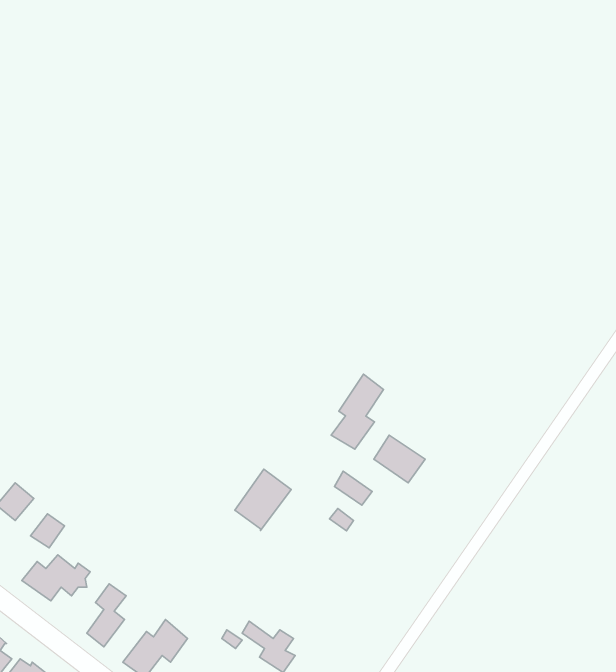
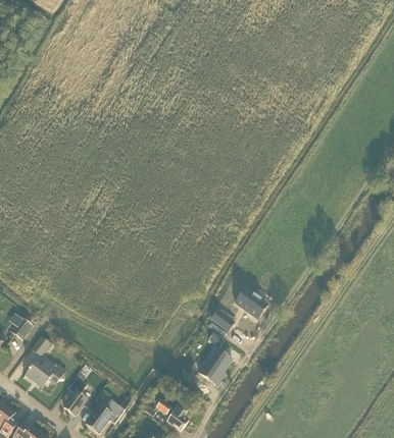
building: [331,374,384,449] -> none
building: [235,469,291,531] -> [198,346,232,383]

